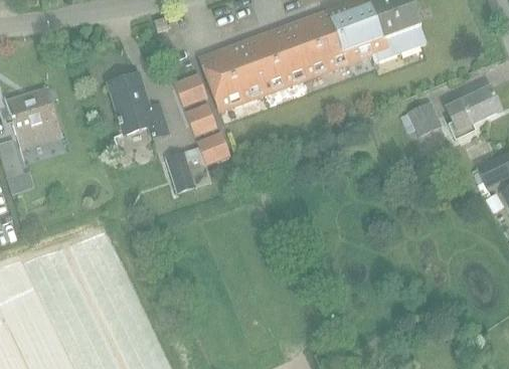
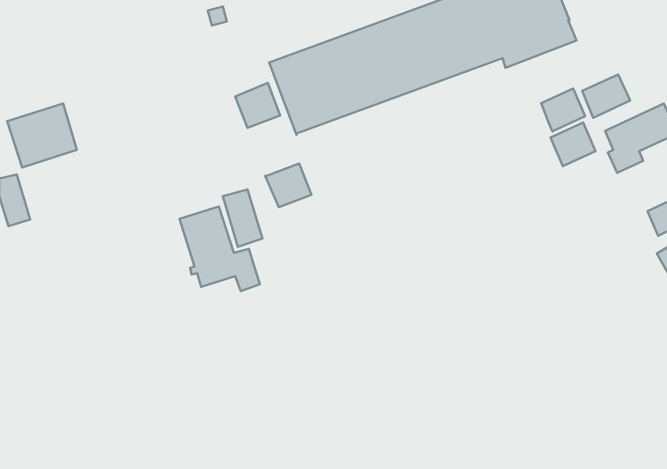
building: none -> [582,74,630,118]
building: [109,73,168,136] -> [179,206,260,291]
building: none -> [541,89,585,132]
building: [185,103,216,136] -> none

